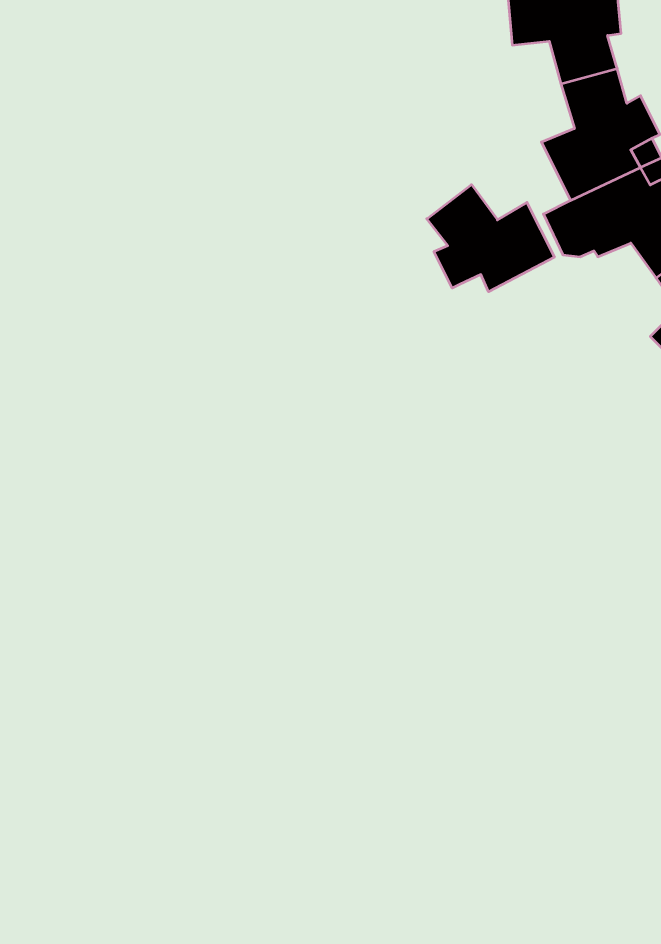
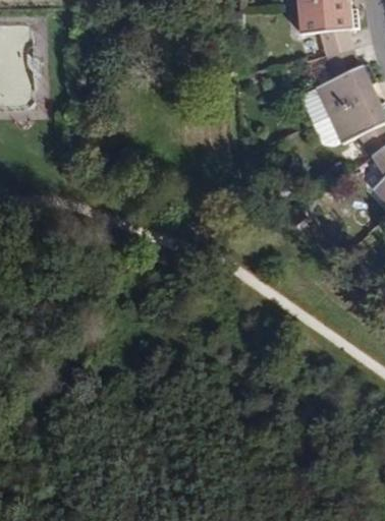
building: [427,185,554,292] -> none

